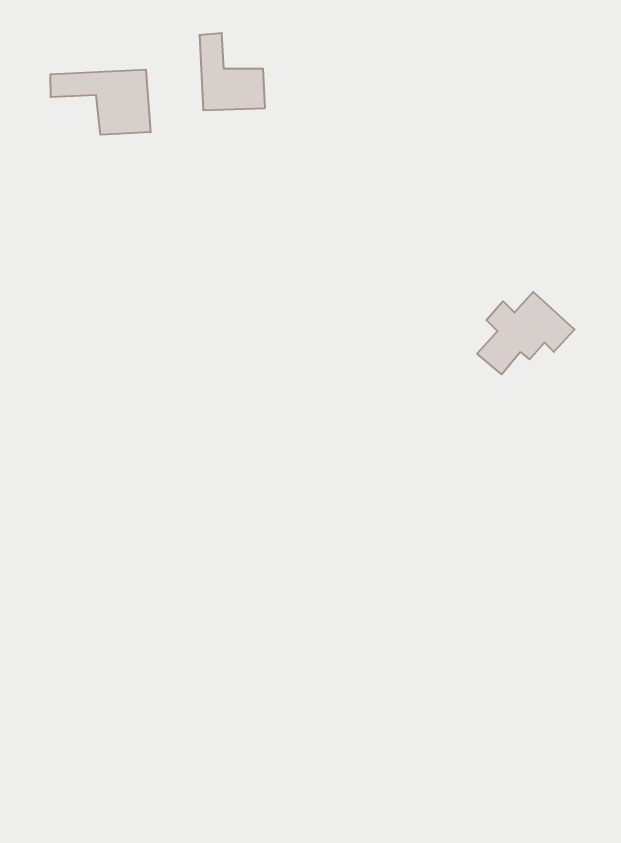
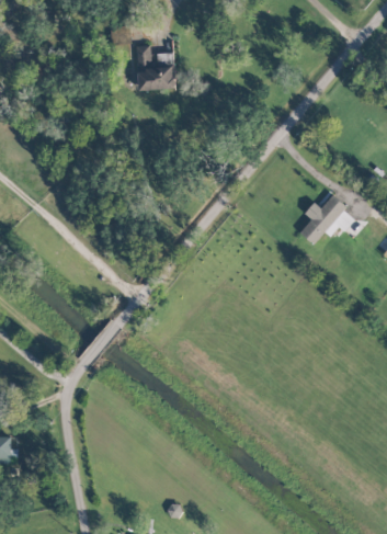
building: [51,70,151,135] -> none

